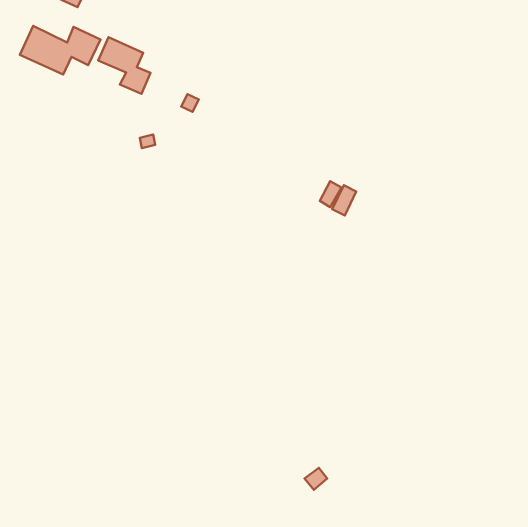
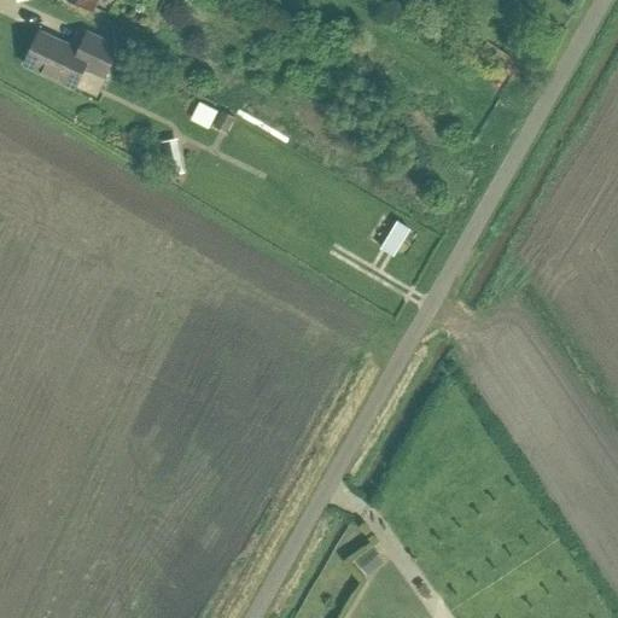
building: [98,37,151,94] -> none

